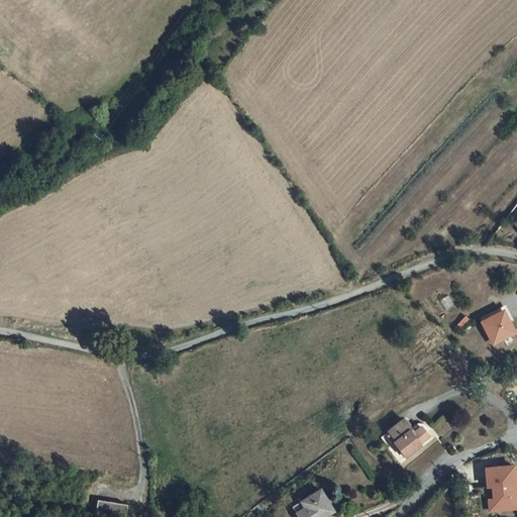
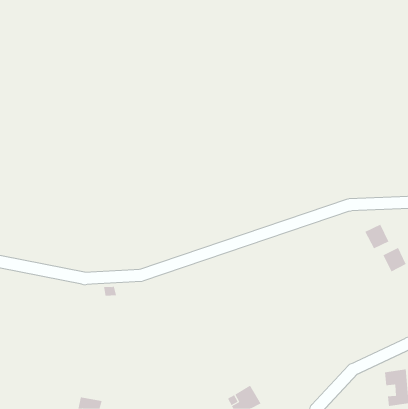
building: none -> [365,224,389,249]
building: [383,421,430,458] -> none

